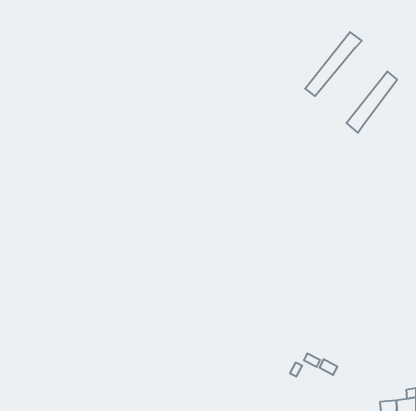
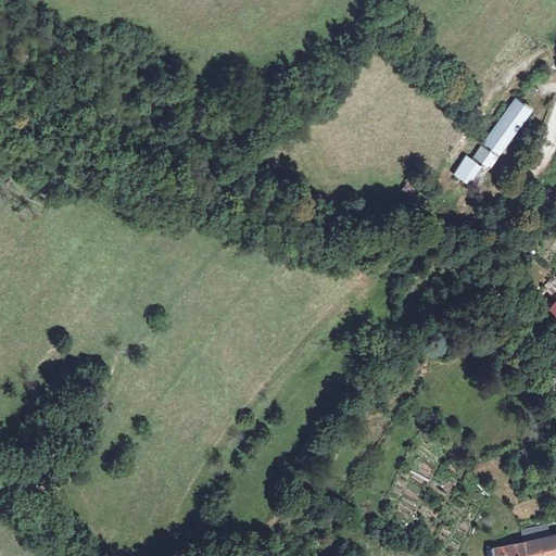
building: [305,32,362,96] -> none

